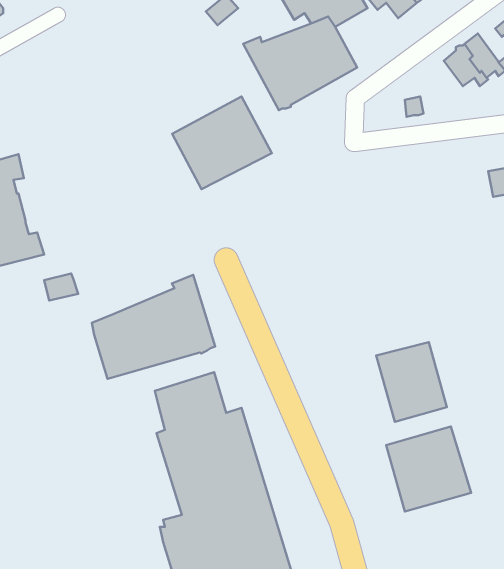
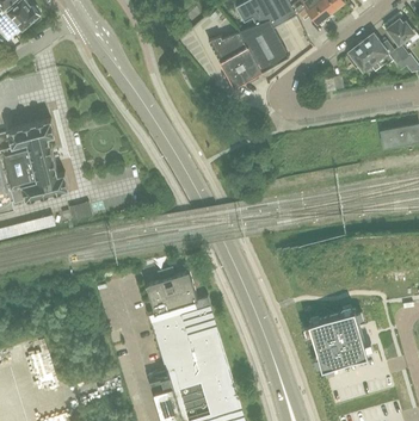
building: [172,97,272,189] -> none
building: [92,275,215,379] -> none
building: [376,342,447,422] -> none

